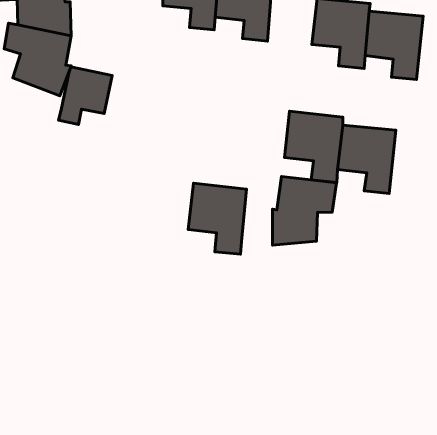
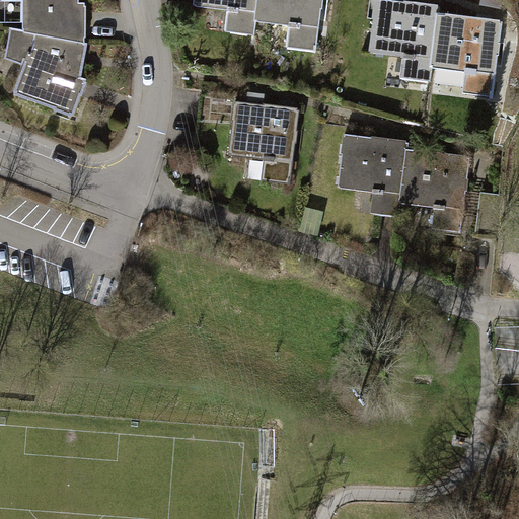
building: [59,67,112,125] -> none
building: [272,177,337,245] -> none
building: [188,183,246,254] -> [227,100,296,184]

